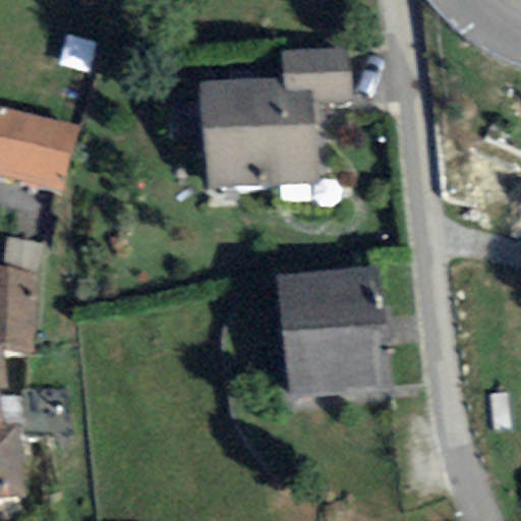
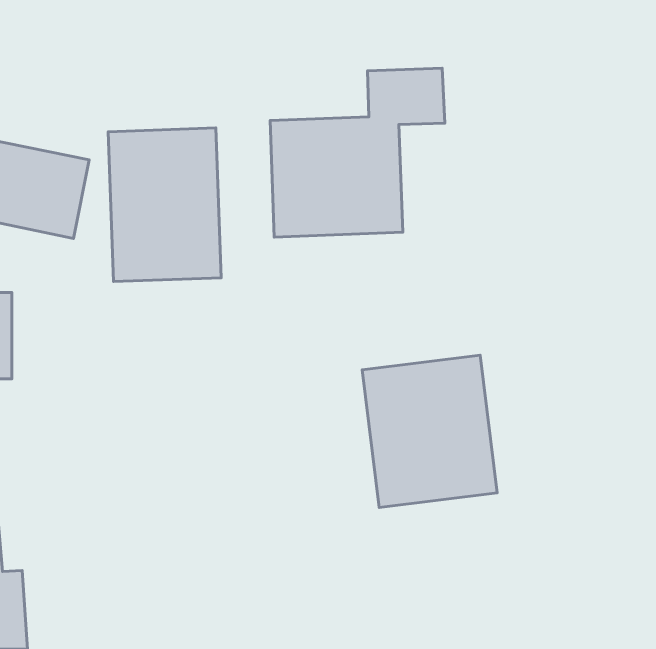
building: none -> [108,128,221,282]

